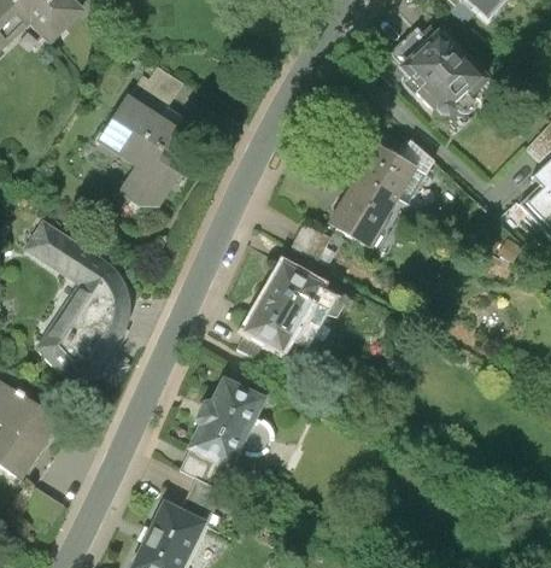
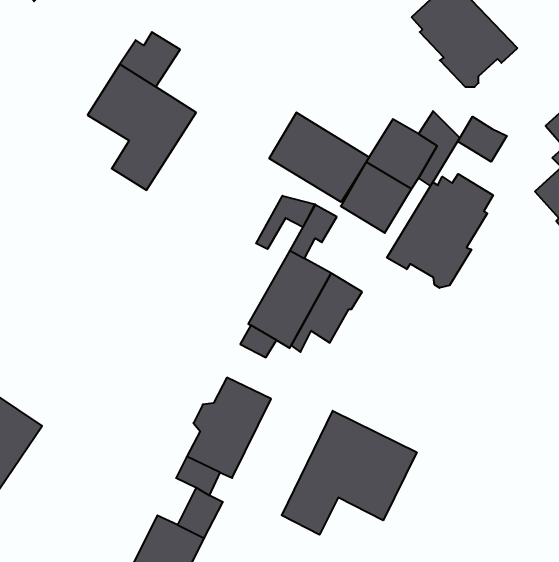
building: none -> [269,112,369,202]
building: none -> [458,117,507,162]
building: none -> [387,174,493,288]
building: none -> [256,196,315,249]
building: [27,217,130,379] -> none
building: none -> [282,411,417,535]

